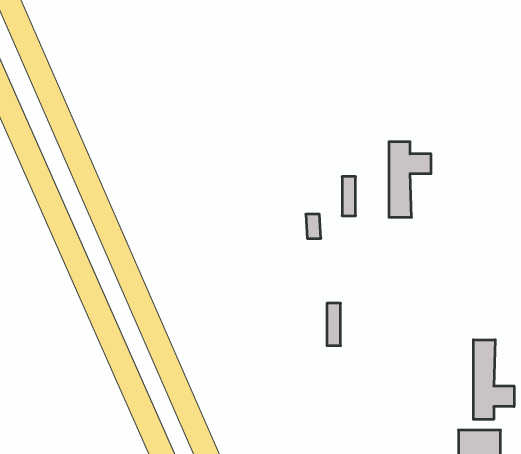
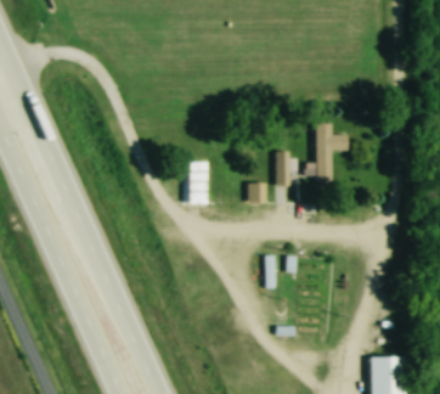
building: none -> [187,161,208,203]
building: [473,340,514,419] -> none

